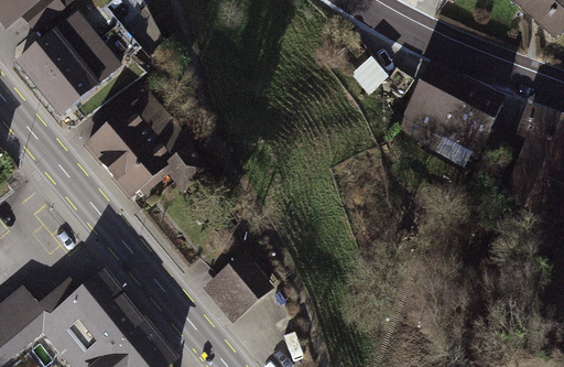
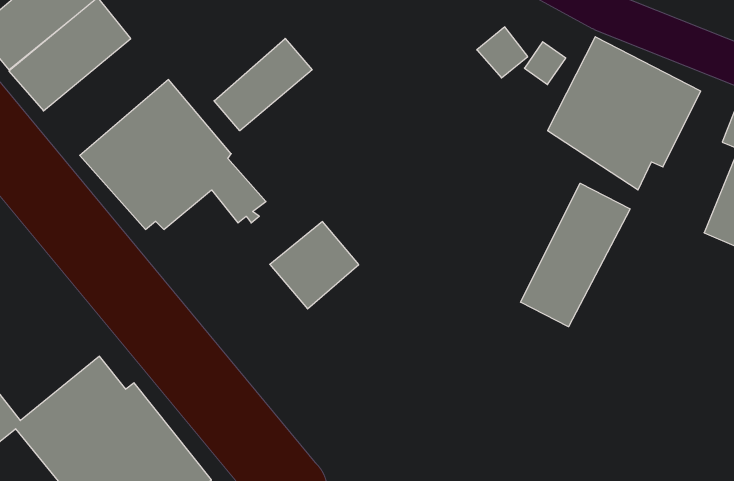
building: none -> [214,38,312,131]
building: none -> [521,183,630,327]
building: [207,258,267,316] -> [270,222,359,309]

